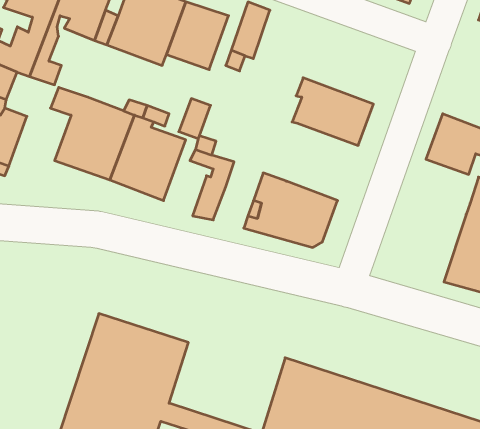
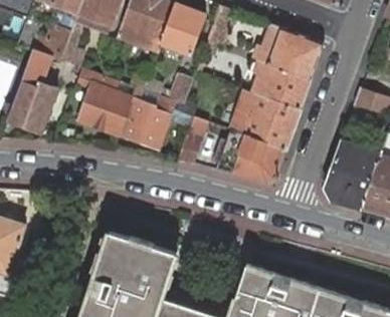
building: none -> [254,24,324,79]
building: none -> [230,88,300,149]
building: none -> [324,140,381,209]

